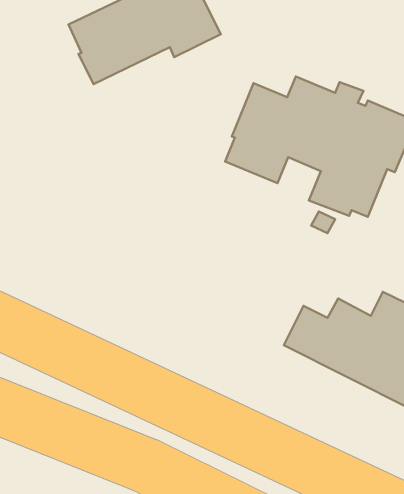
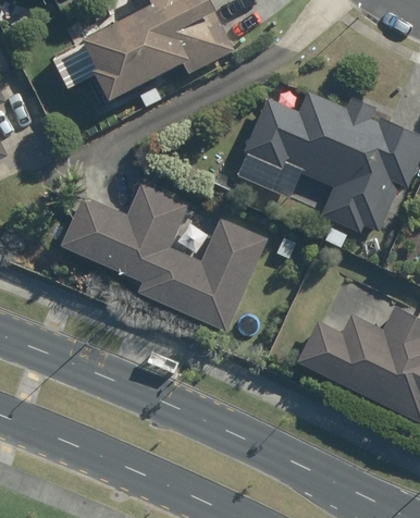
building: none -> [60,184,267,331]

